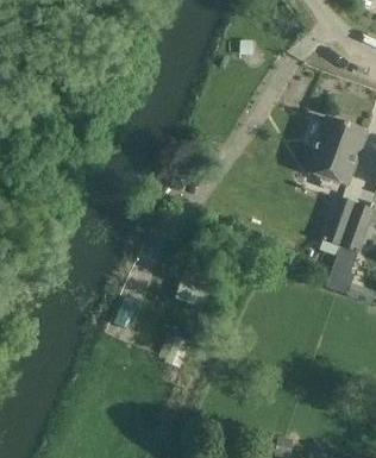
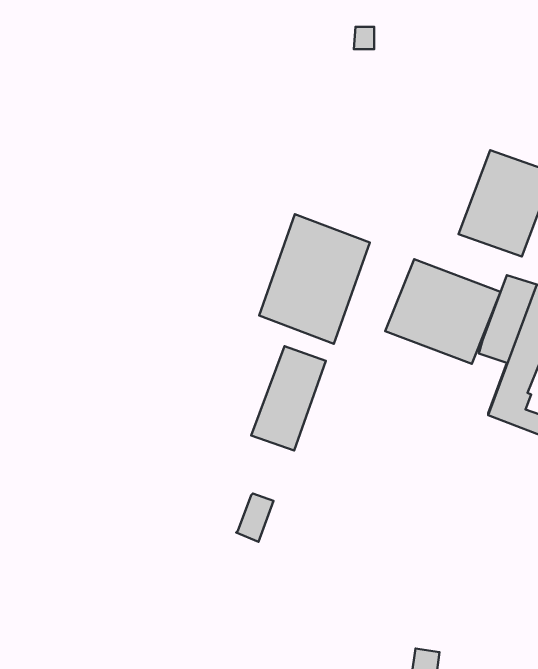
building: none -> [259,214,370,344]
building: none -> [385,259,501,364]

